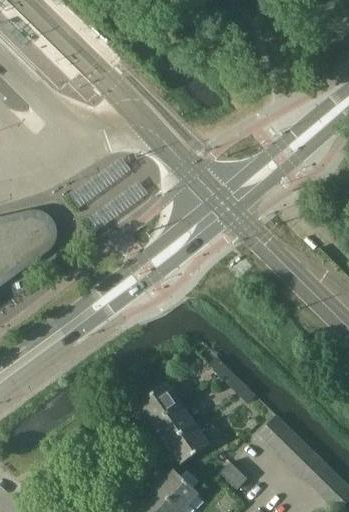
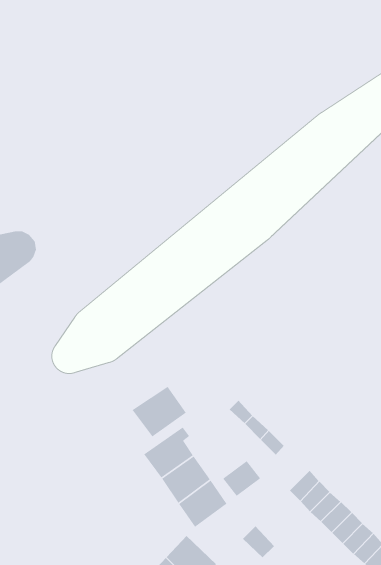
building: none -> [132,386,187,437]
building: none -> [222,460,261,497]

